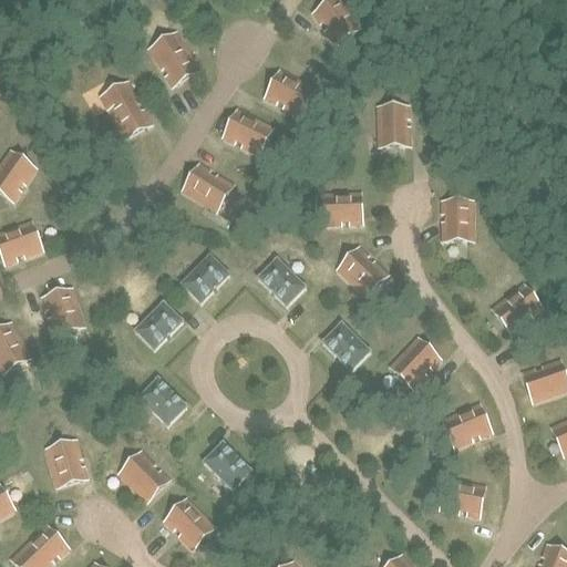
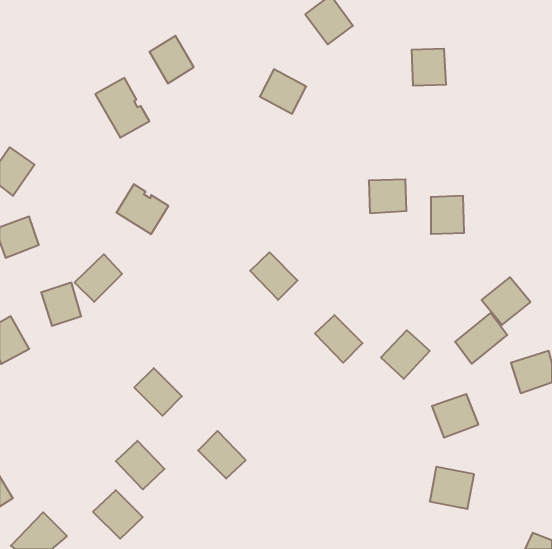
building: [377,106,412,144] -> [412,49,446,85]
building: [224,110,270,154] -> none
building: [181,162,234,213] -> [116,184,168,234]
building: [322,192,361,226] -> [369,179,407,213]
building: [338,246,388,295] -> none
building: [179,255,228,302] -> none
building: [133,300,182,349] -> [75,254,122,302]
building: none -> [455,313,507,364]
building: [45,441,86,485] -> none
building: [164,498,215,548] -> [93,490,143,539]

